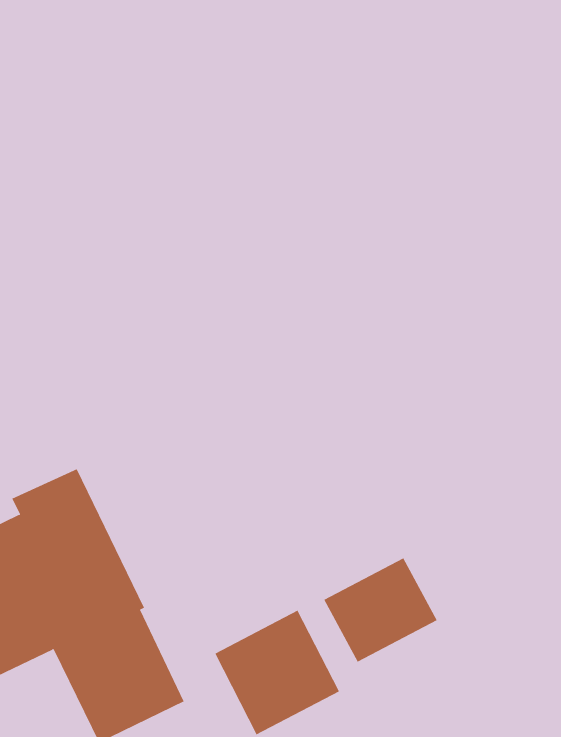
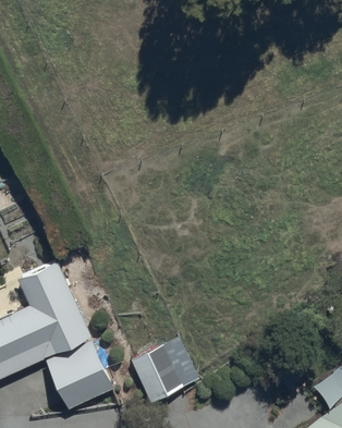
building: [324,558,437,662] -> none

